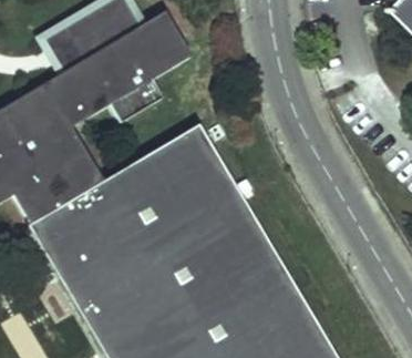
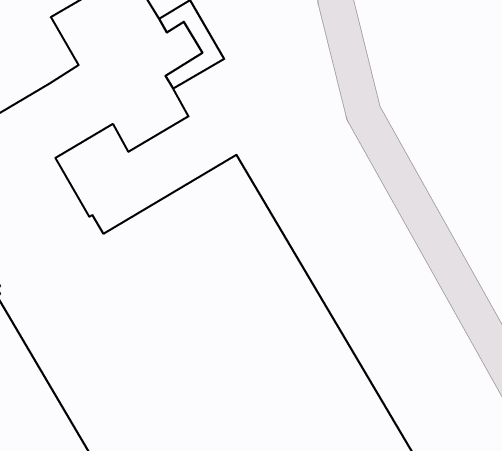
building: [44,25,86,73] -> none

